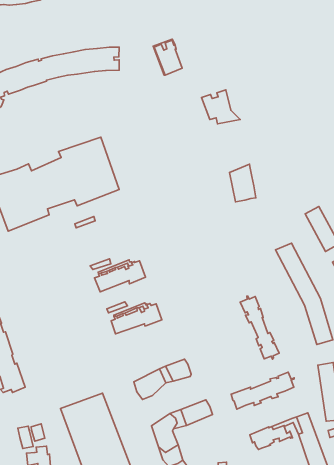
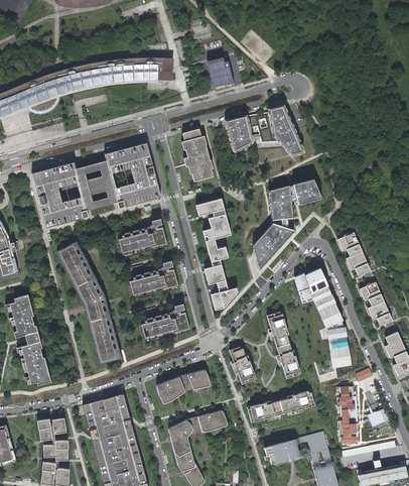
building: none -> [273,104,305,152]
building: none -> [230,114,256,148]
building: none -> [182,129,211,180]
building: none -> [292,178,321,204]
building: none -> [198,198,231,240]
building: none -> [253,223,293,268]
building: none -> [117,226,166,252]
building: none -> [203,243,237,309]
building: none -> [57,242,119,362]
building: none -> [293,270,317,302]
building: none -> [232,348,255,381]

